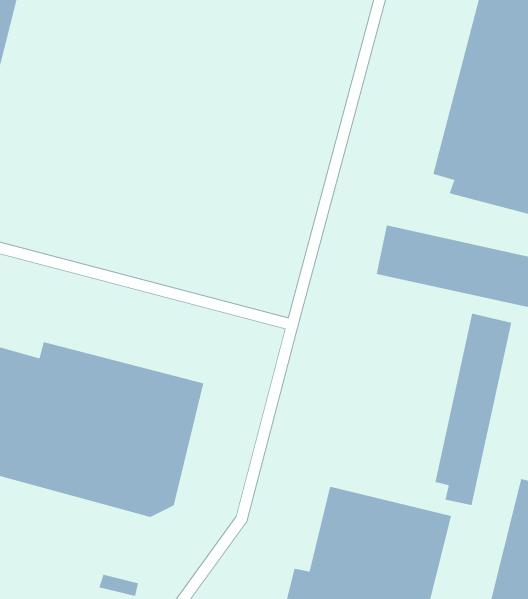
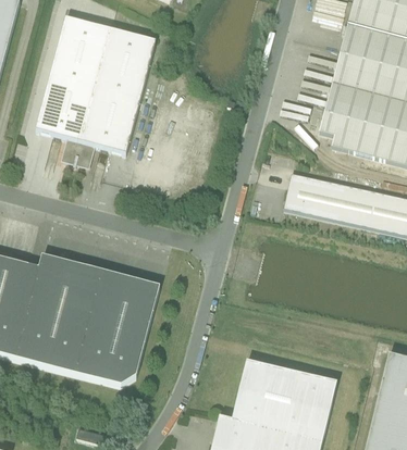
building: none -> [38,18,157,173]
building: [435,313,512,506] -> none

